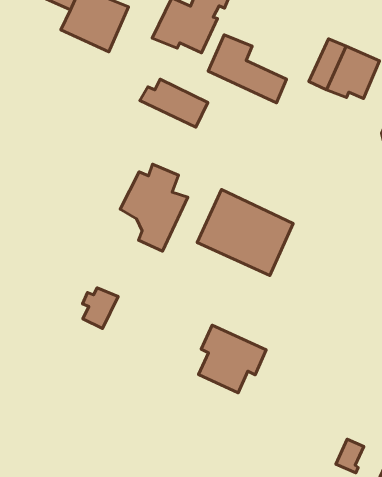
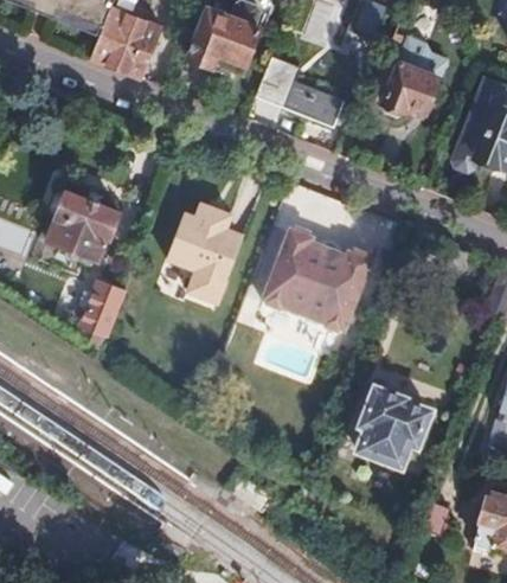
building: [140,79,208,127] -> none
building: none -> [51,188,127,257]
building: [82,288,118,329] -> [83,288,122,333]
building: [199,325,266,393] -> [358,390,431,463]

